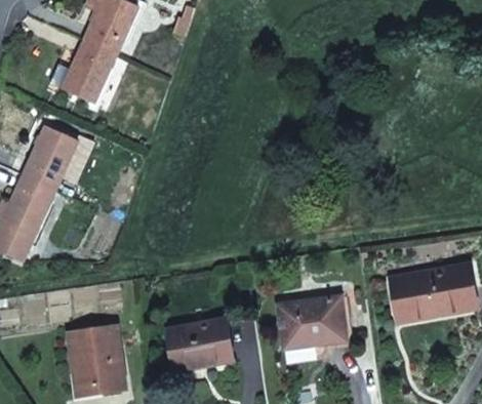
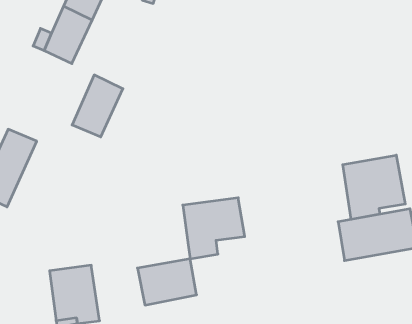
building: [23,120,79,189] -> [72,75,123,137]
building: none -> [343,155,405,219]
building: [277,295,346,363] -> [183,198,245,259]

